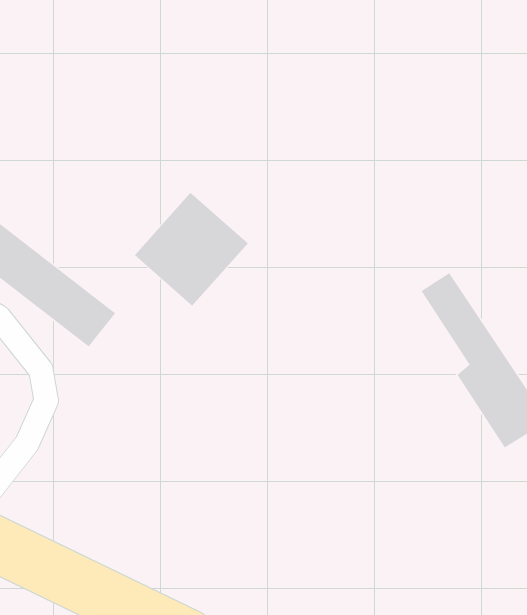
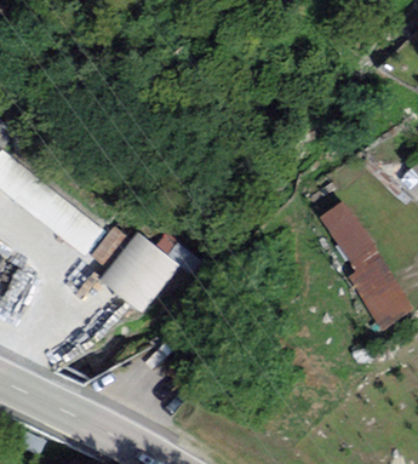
building: [134,192,249,306] -> [99,231,181,313]

